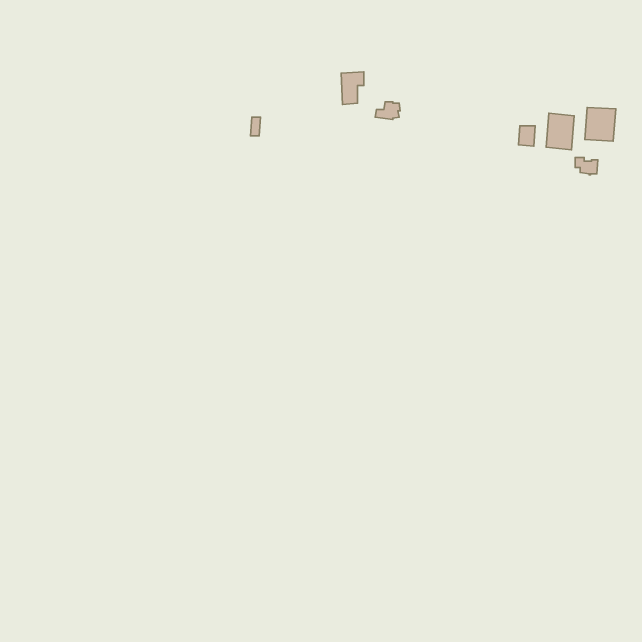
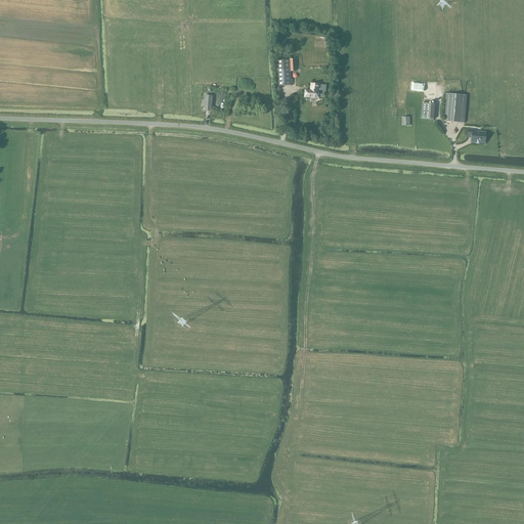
building: [585,107,616,141] -> none

